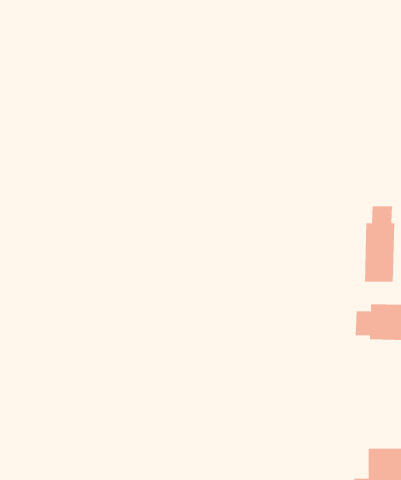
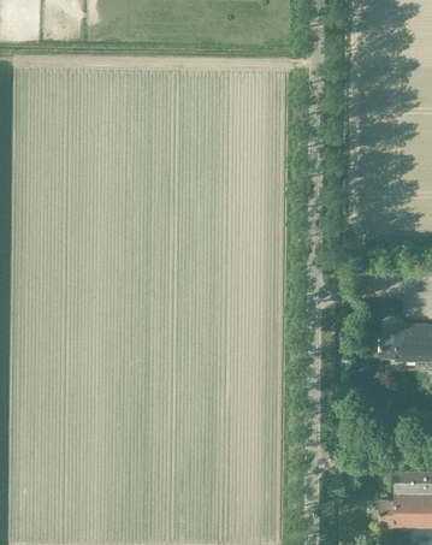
building: [364,205,395,282] -> none

